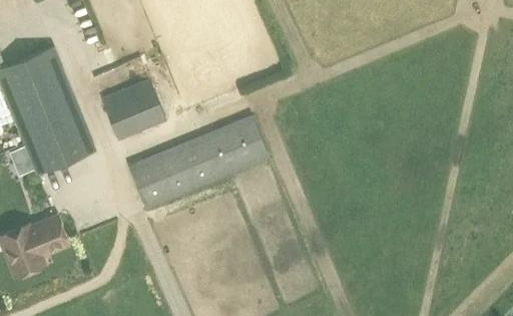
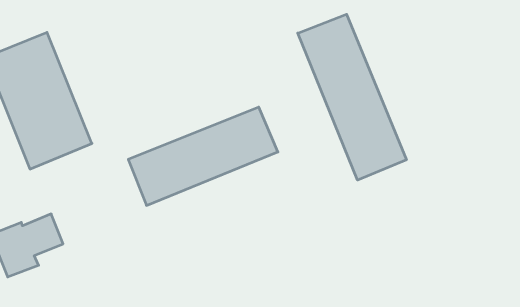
building: none -> [298,14,406,180]
building: [100,79,166,141] -> none

